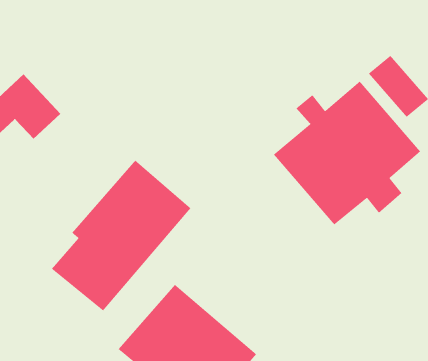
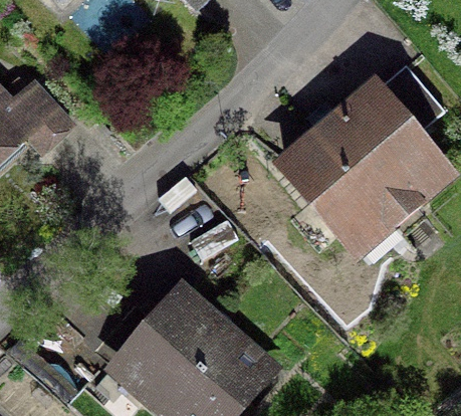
building: [51,160,192,311] -> none

